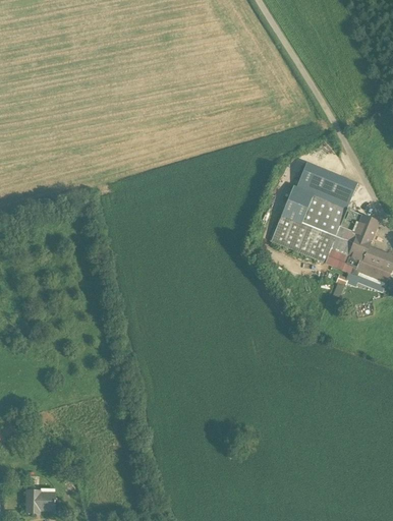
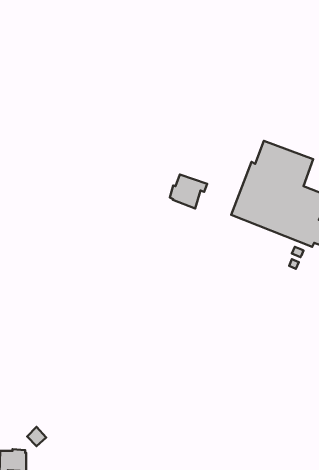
building: none -> [170,174,207,208]

